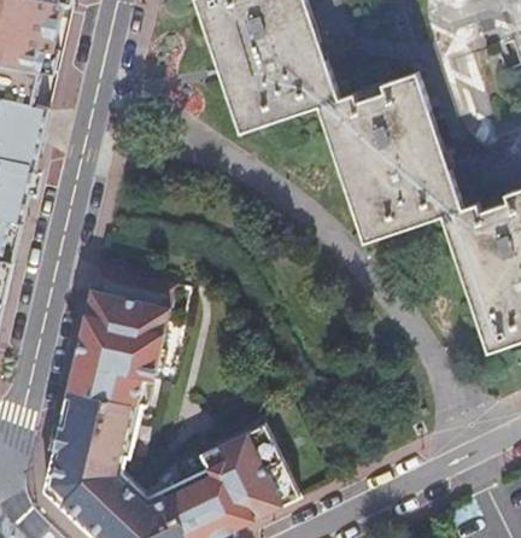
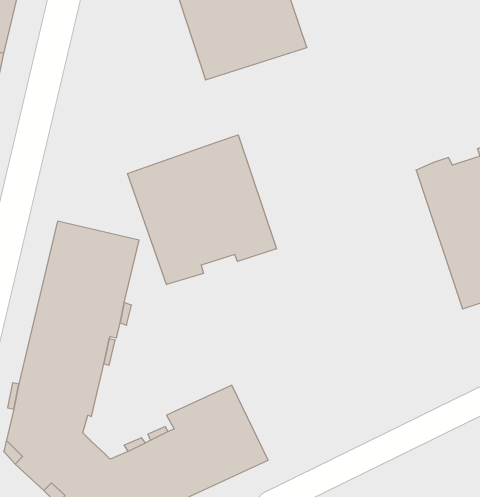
building: [317,74,457,241] -> none
building: none -> [127,135,277,285]

